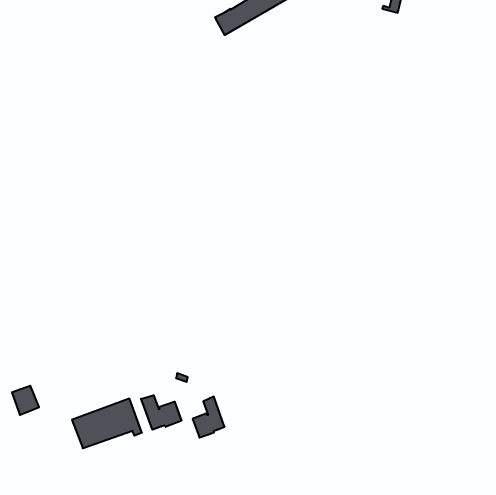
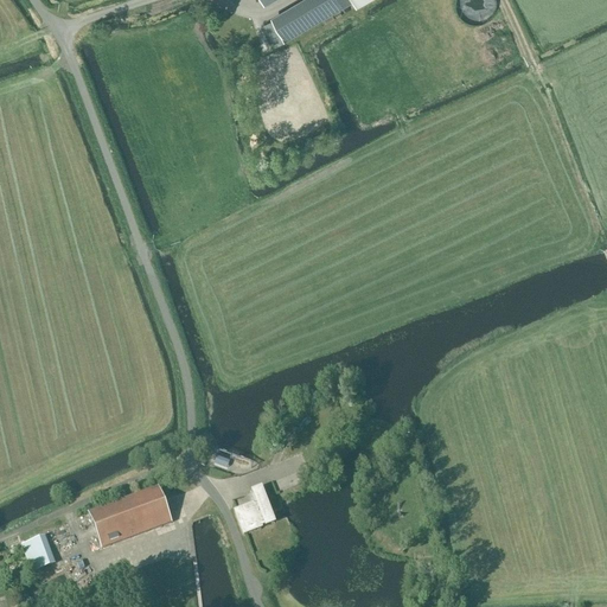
building: [12,386,39,415] -> [23,535,56,570]
building: [141,395,181,430] -> none

